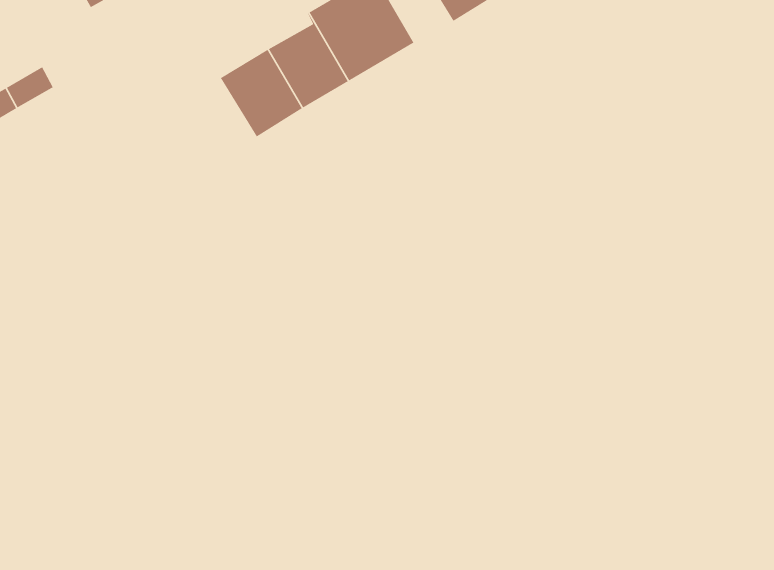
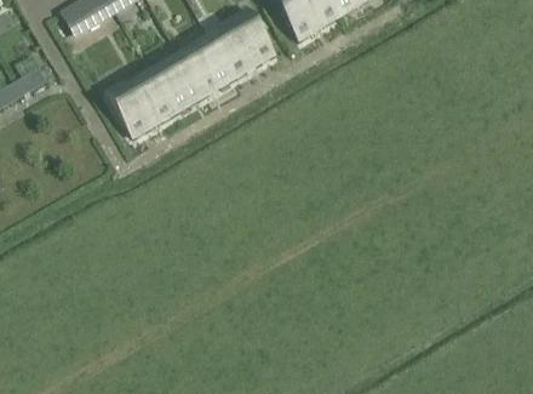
building: none -> [108,74,176,136]

